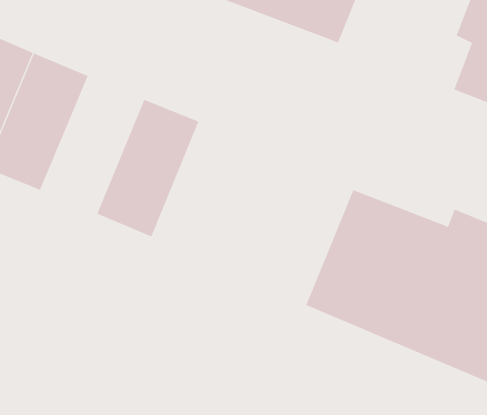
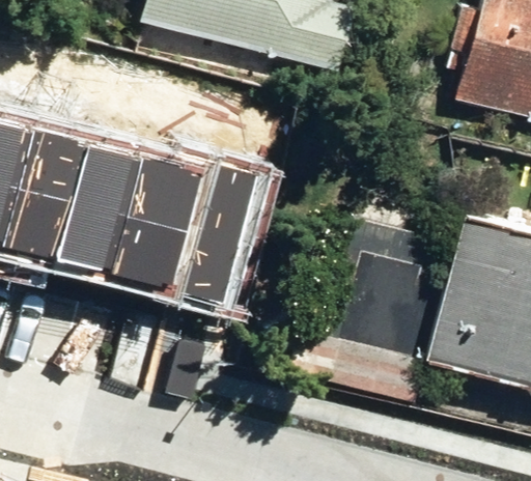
building: none -> [72,144,158,275]
building: none -> [185,159,274,303]

